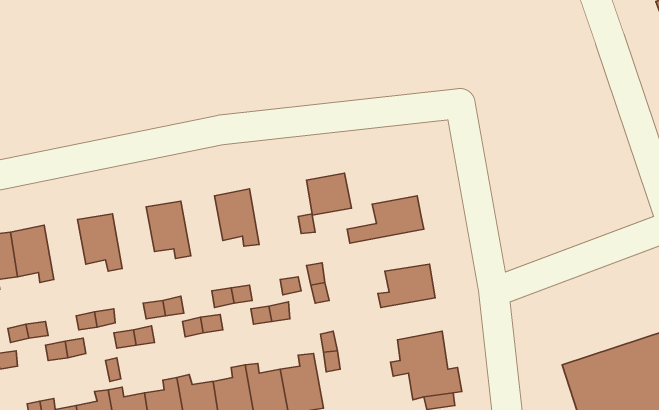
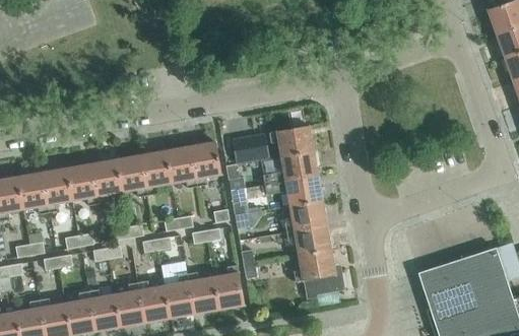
building: none -> [269,125,313,156]
building: none -> [191,141,221,186]
building: none -> [141,150,172,194]
building: none -> [91,158,122,203]
building: none -> [42,167,72,211]
building: none -> [264,175,322,205]
building: none -> [286,224,331,255]

